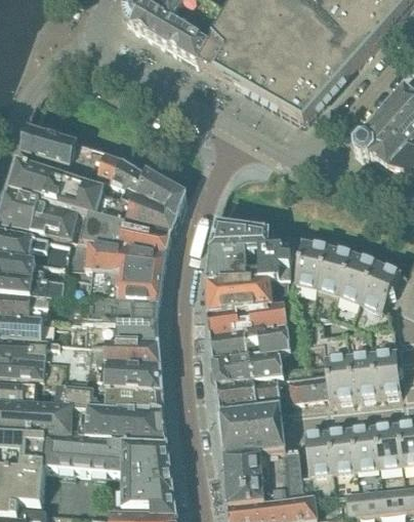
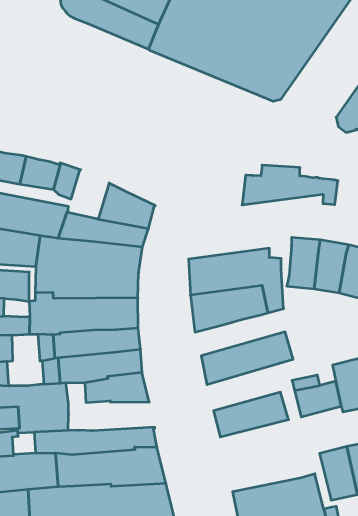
building: [108,161,147,205] -> none
building: [208,216,294,258] -> [242,165,338,205]
building: [206,303,289,335] -> none
building: [211,350,281,385] -> none
building: [94,363,161,393] -> none
building: [218,405,284,457] -> none

